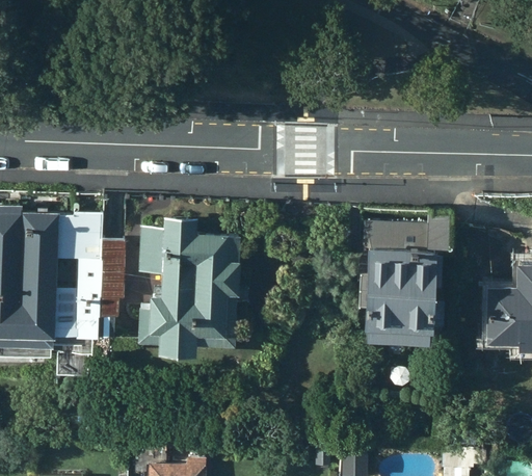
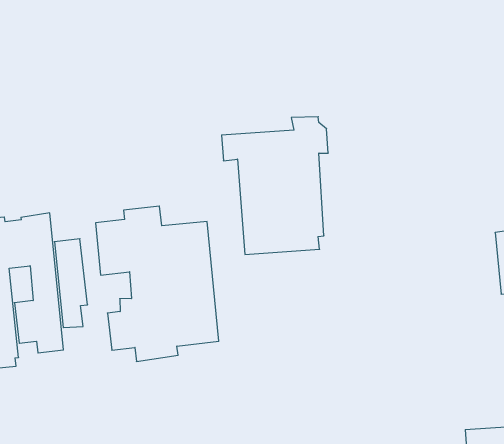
building: [362,210,456,329] -> [222,117,328,254]

